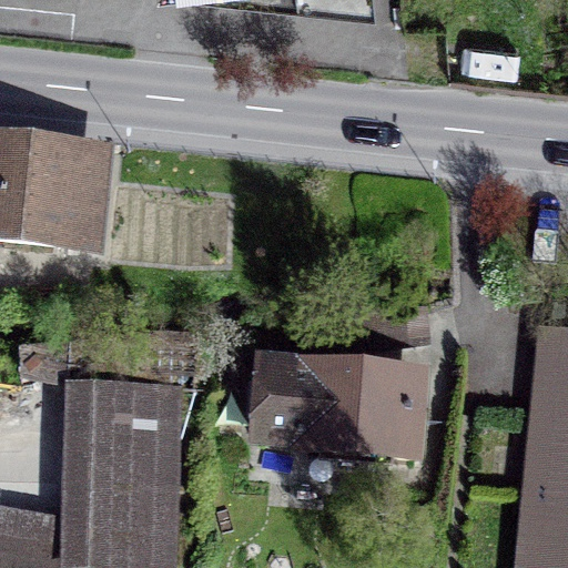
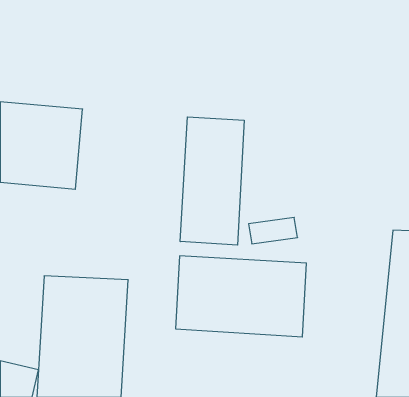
building: none -> [180,117,244,245]

